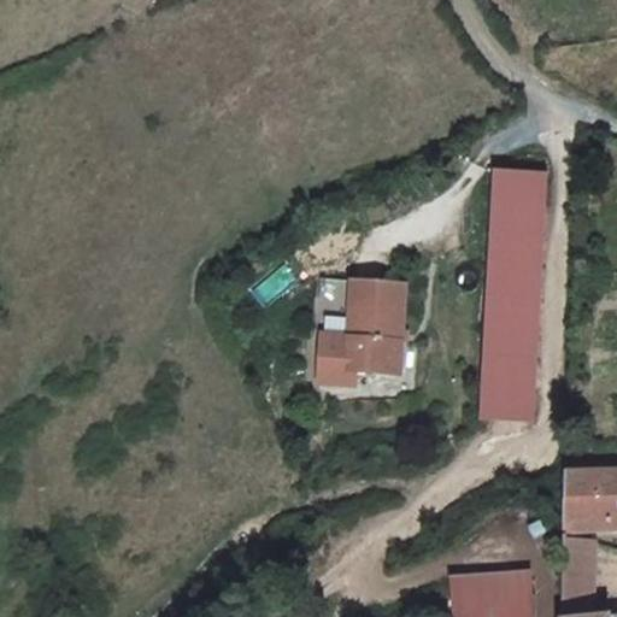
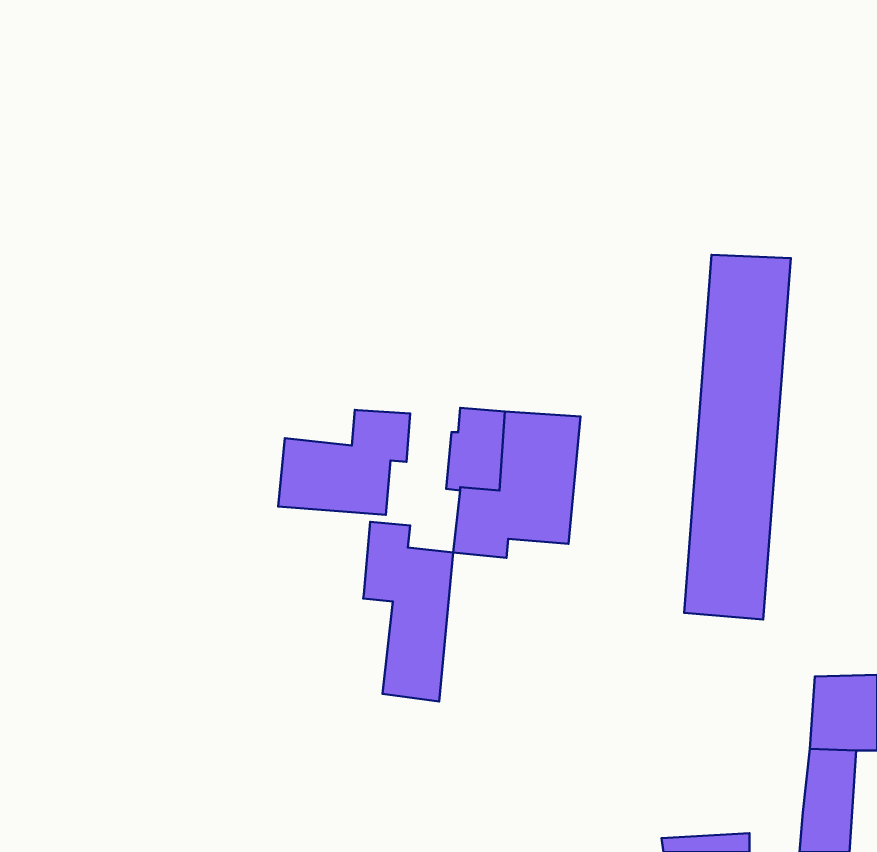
building: none -> [278,410,410,515]
building: none -> [363,522,453,701]

